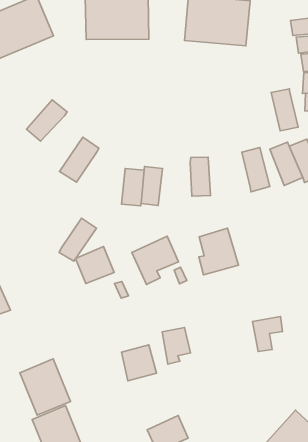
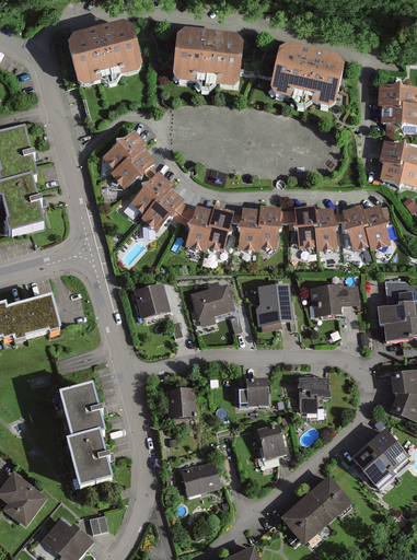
building: [271,89,298,131] -> [296,208,317,248]
building: none -> [113,148,155,188]
building: none -> [239,211,262,252]
building: [59,218,96,261] -> [143,188,184,230]
building: none -> [311,285,359,316]
building: [162,327,191,364] -> [245,380,270,413]
building: none -> [256,423,286,458]

